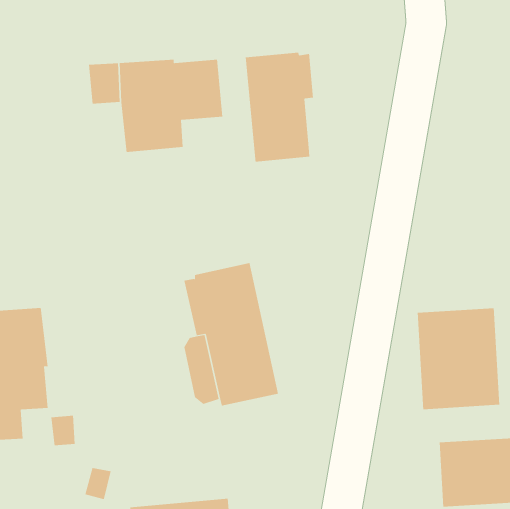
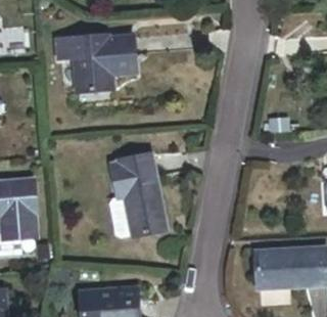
building: [245,52,313,162] -> none
building: [417,307,500,410] -> none

